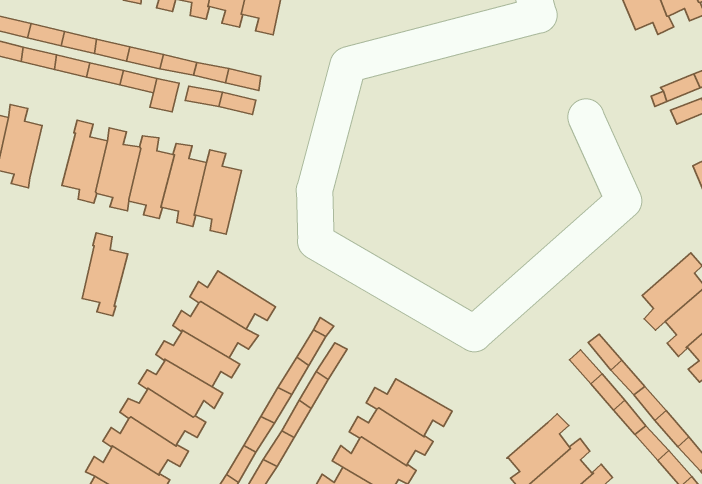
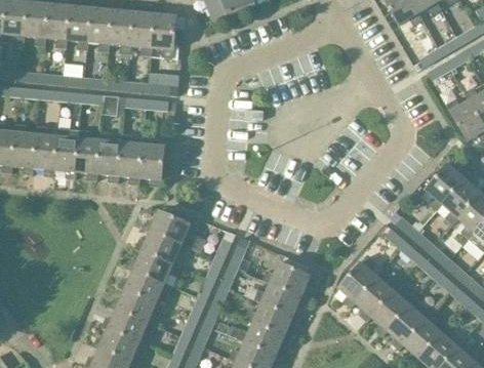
building: [82,233,128,316] -> [34,126,58,176]
building: none -> [338,256,377,308]

